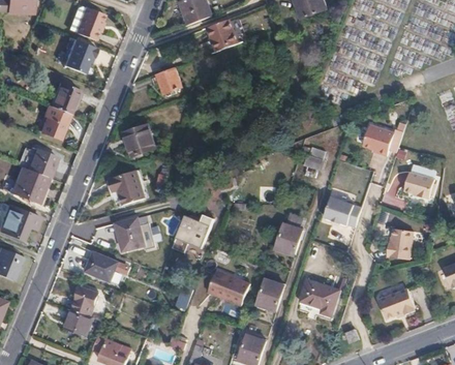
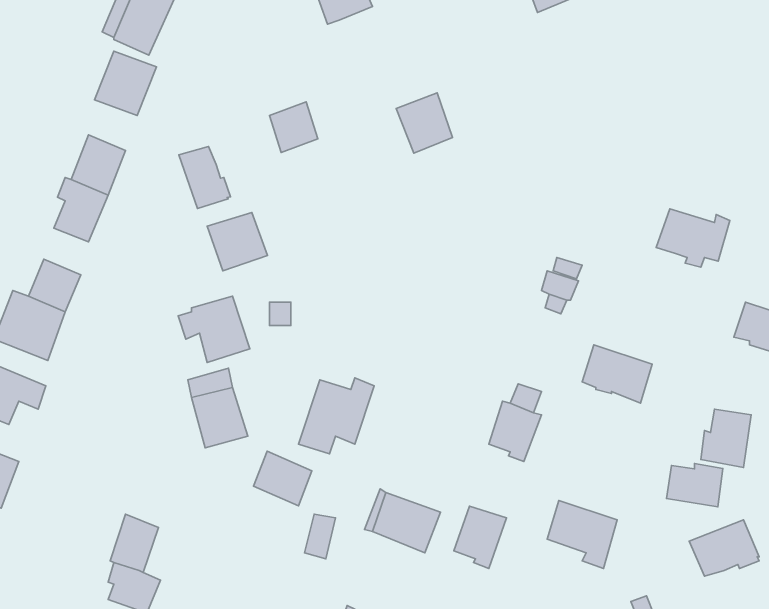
building: [205,20,235,52] -> [396,93,453,153]
building: none -> [179,146,231,209]
building: [86,253,117,282] -> [254,451,312,506]
building: none -> [666,463,723,507]

